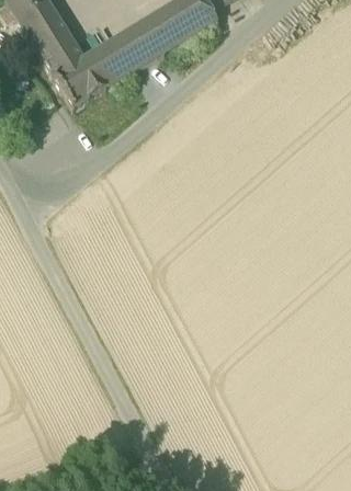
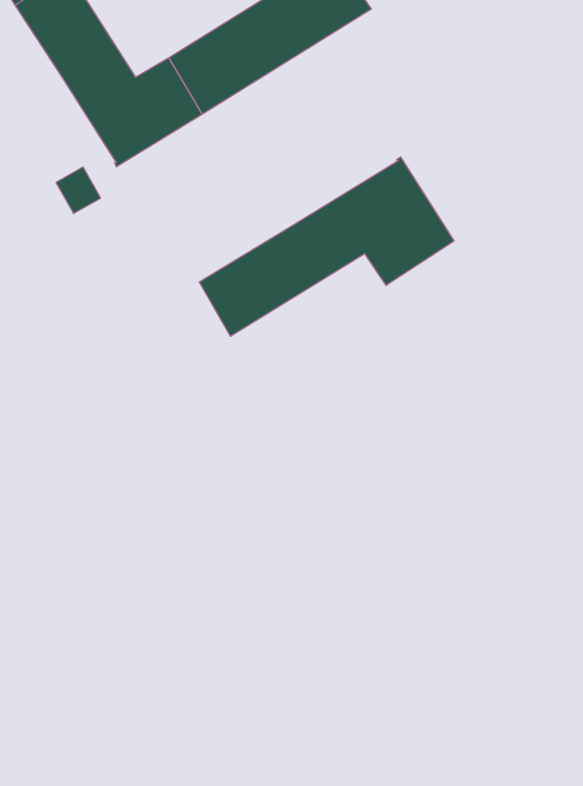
building: none -> [199,157,454,336]

